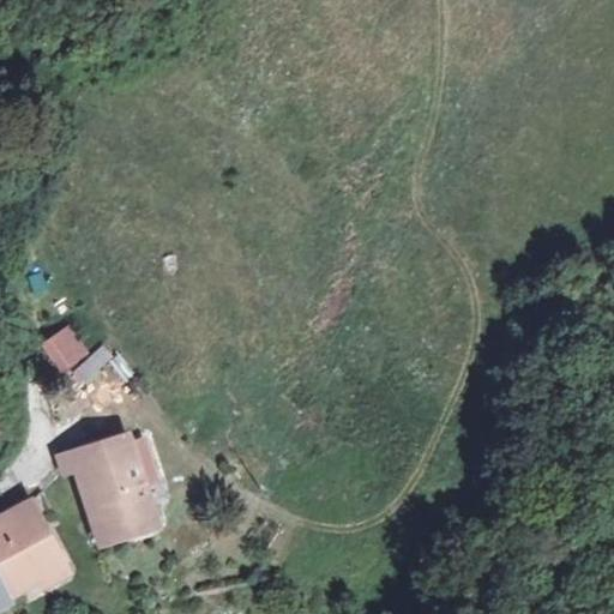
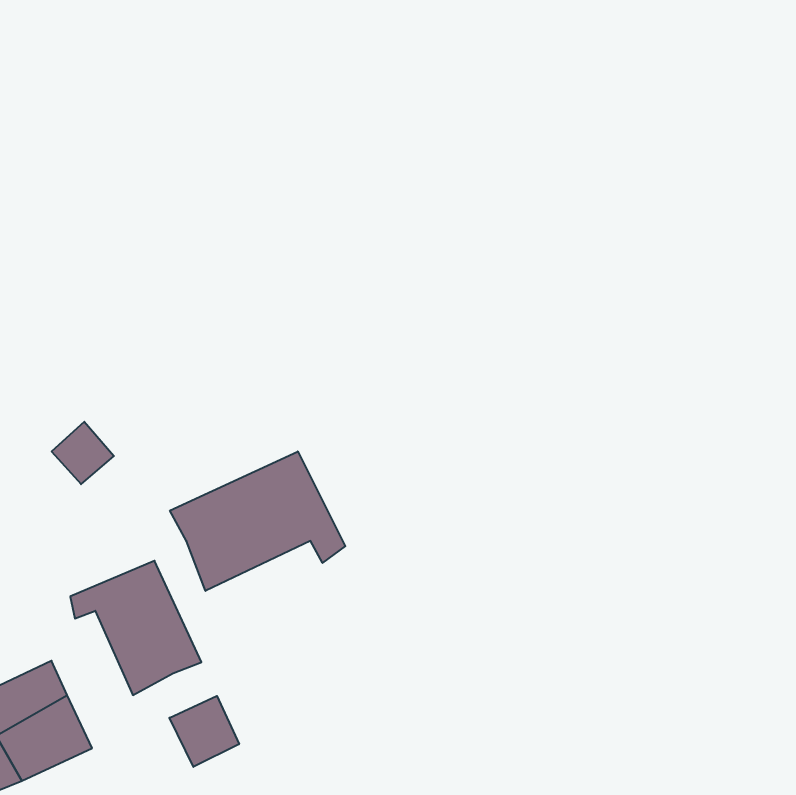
building: none -> [170,451,345,591]
building: none -> [169,696,239,767]

